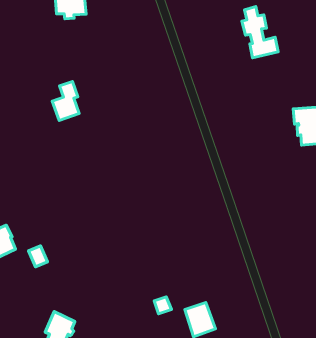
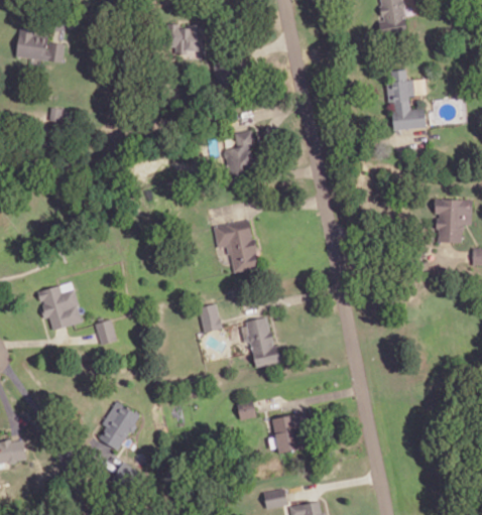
building: [52,82,79,121] -> [224,131,255,175]
building: none -> [214,221,257,272]
building: none -> [199,304,222,333]
building: none -> [244,317,281,367]

